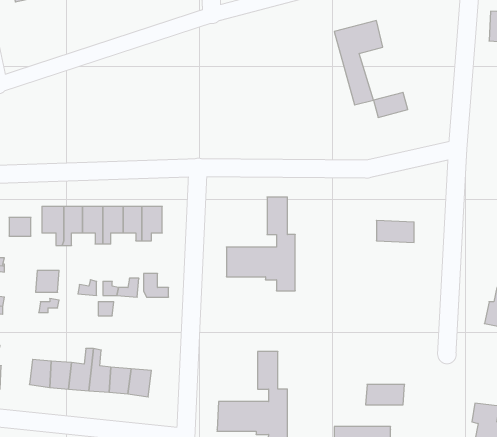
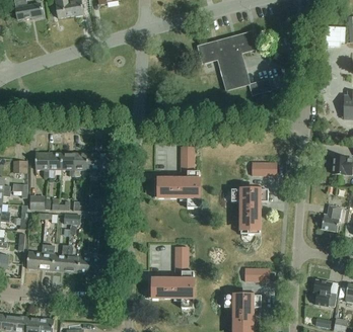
building: none -> [198,38,237,89]
building: none -> [231,188,268,234]

